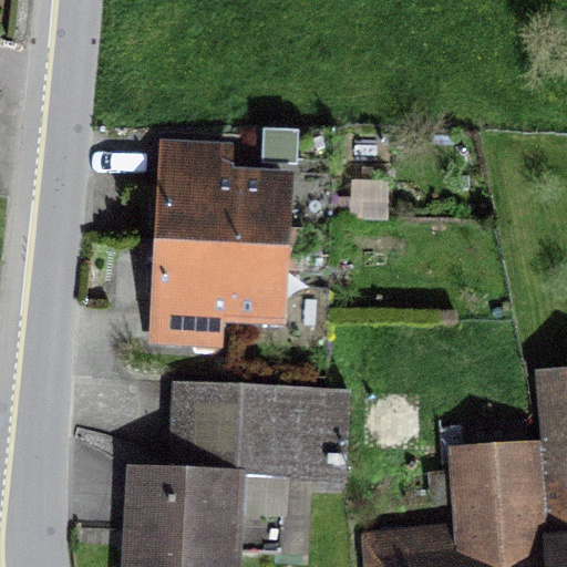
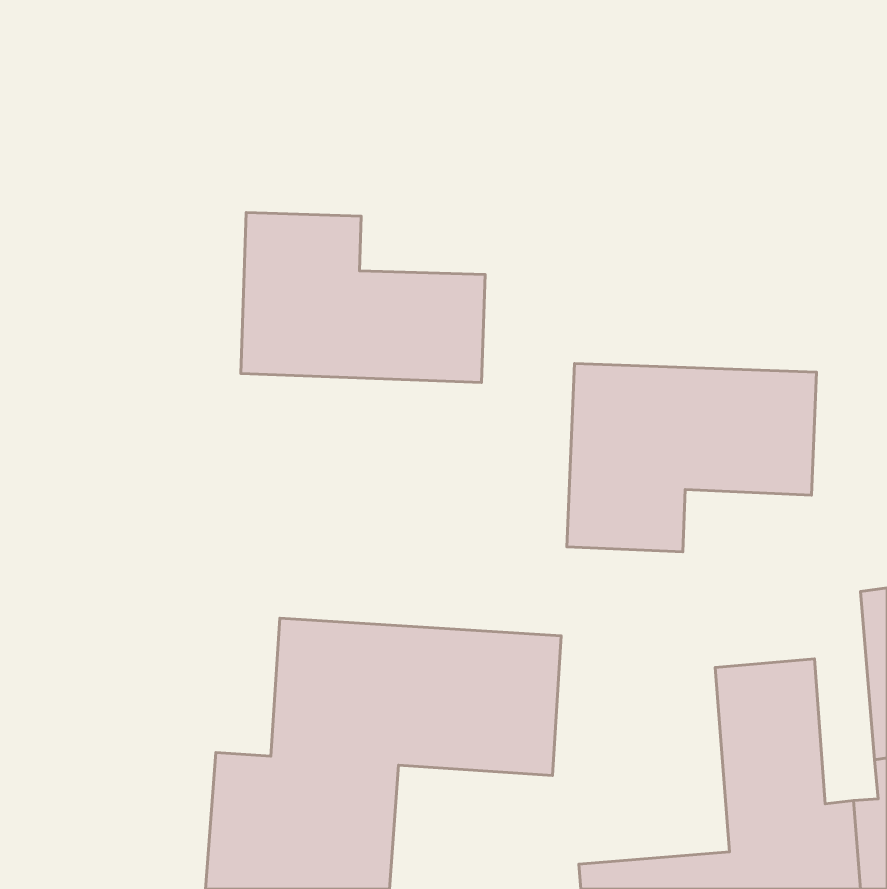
building: none -> [567,363,817,552]
building: [146,234,301,352] -> none

